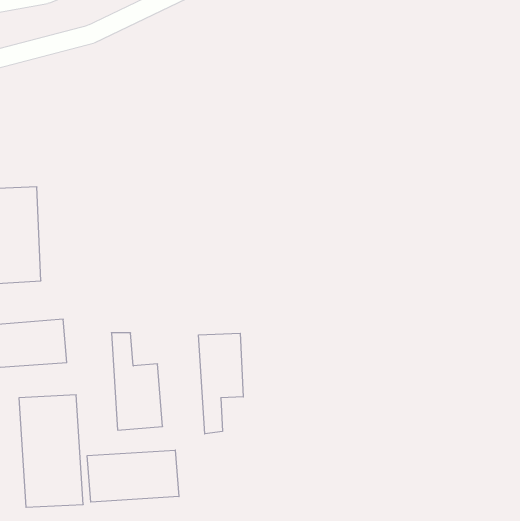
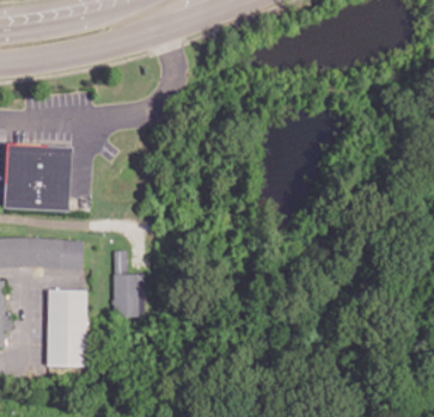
building: [199,333,243,434] -> none
building: [87,450,179,502] -> none

